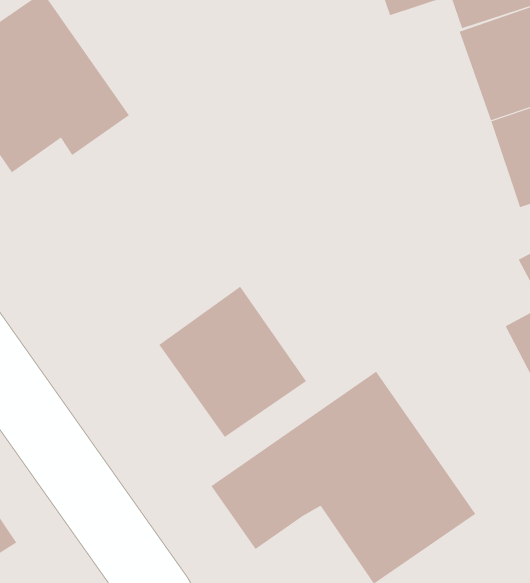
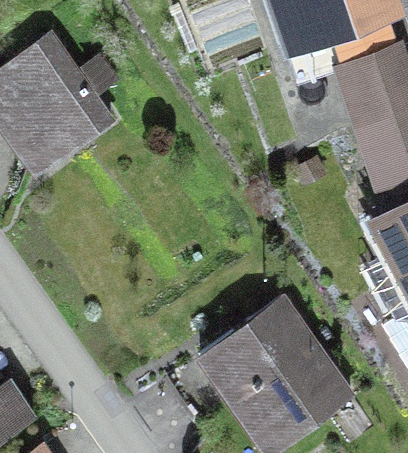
building: [159,286,307,438] -> none

